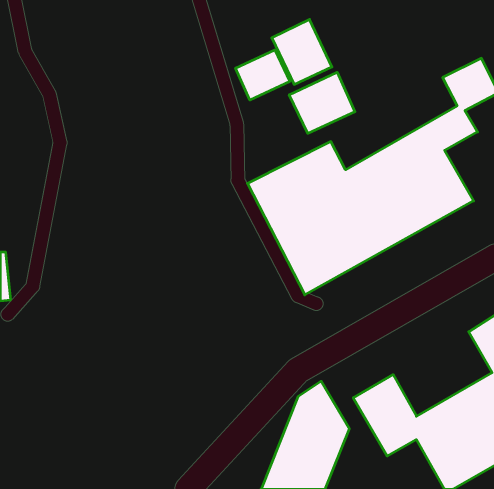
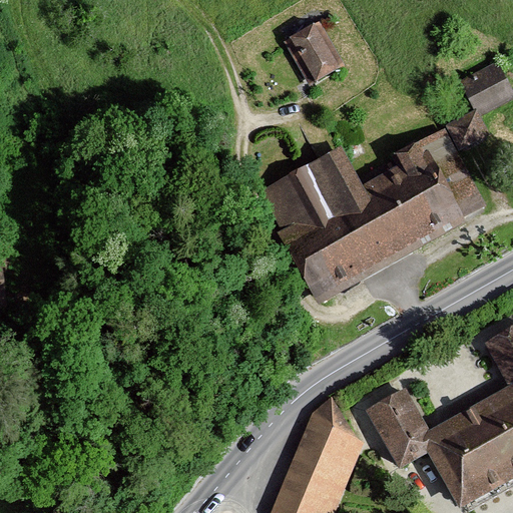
building: [236,50,290,100] -> none
building: [289,72,355,133] -> none

